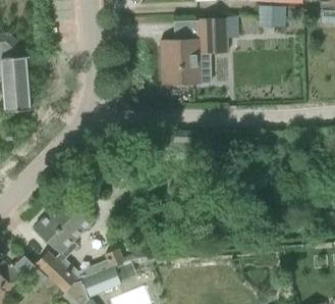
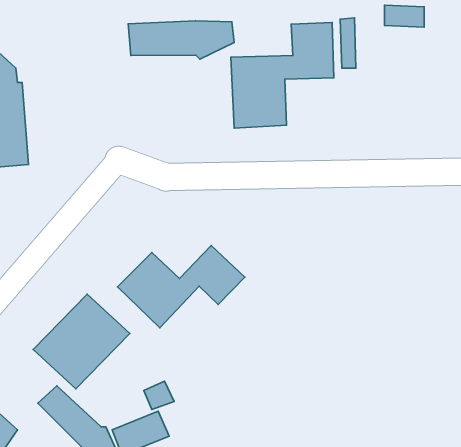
building: none -> [128,21,234,59]
building: none -> [117,246,245,328]

